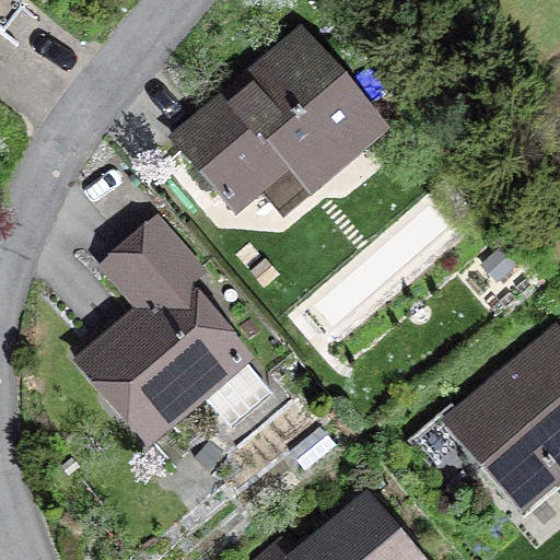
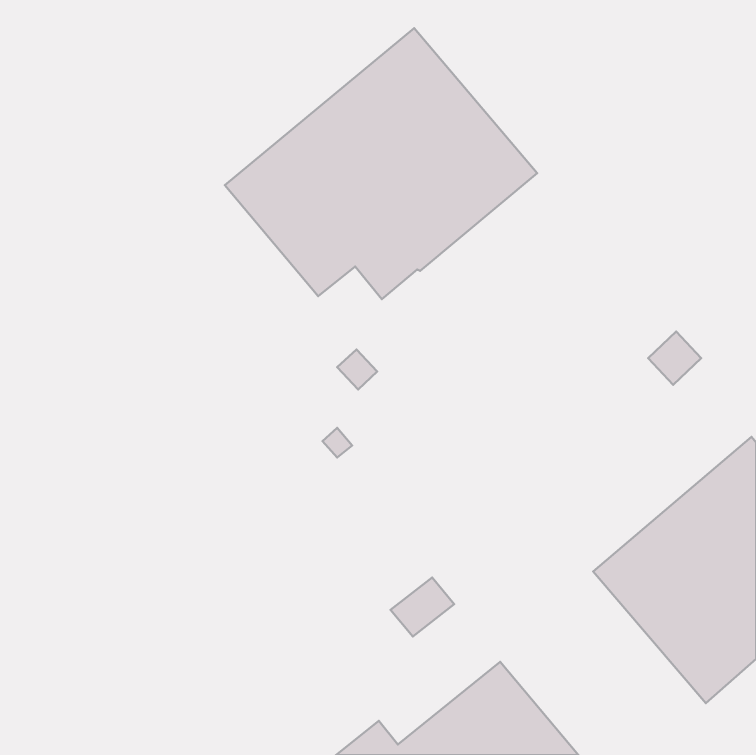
building: [70,214,272,453] -> none

